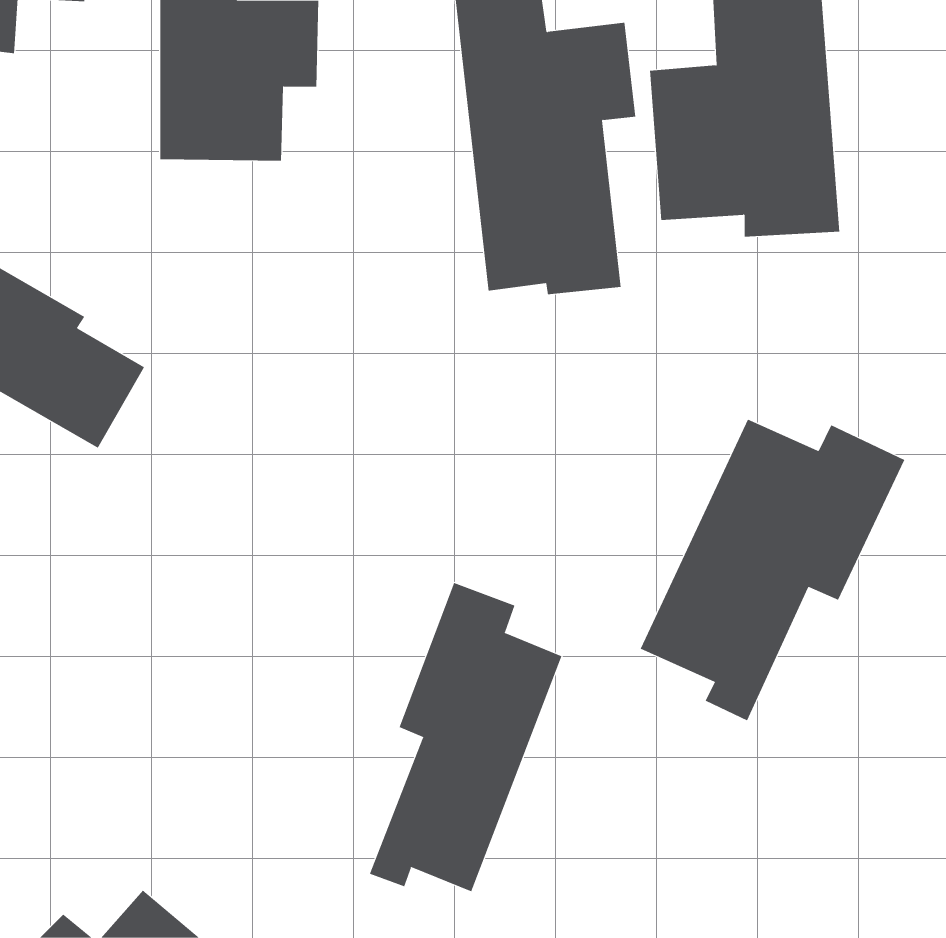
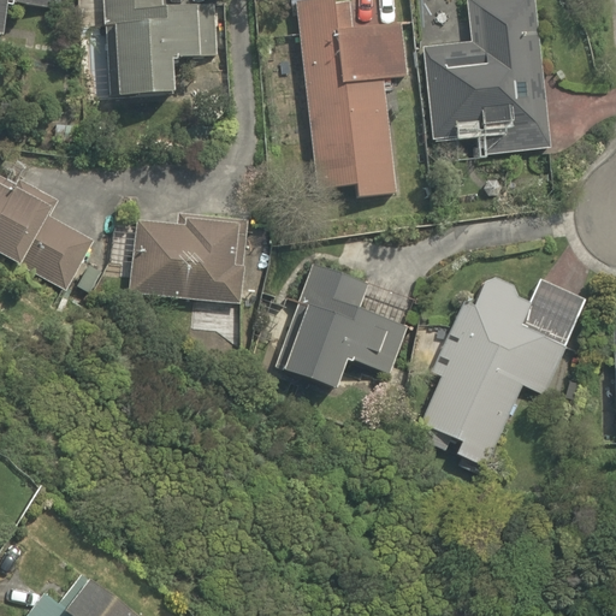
building: none -> [130,212,247,306]
building: none -> [278,259,398,389]
building: [369,582,562,892] -> none

